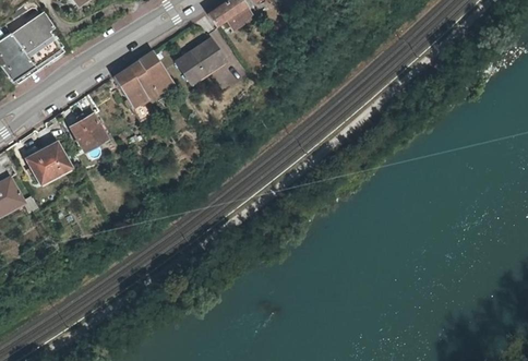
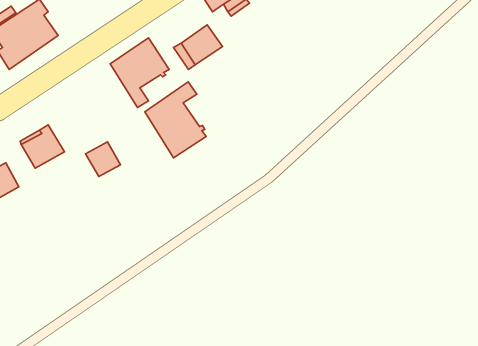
building: none -> [145,82,206,158]
building: [70,115,105,149] -> [86,142,120,177]

